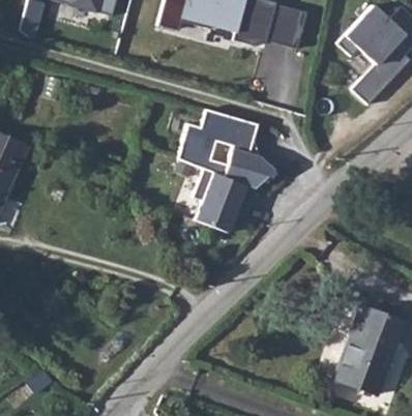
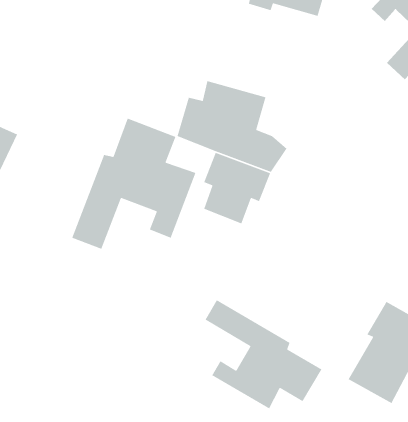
building: none -> [71,117,196,250]
building: none -> [204,299,323,409]

